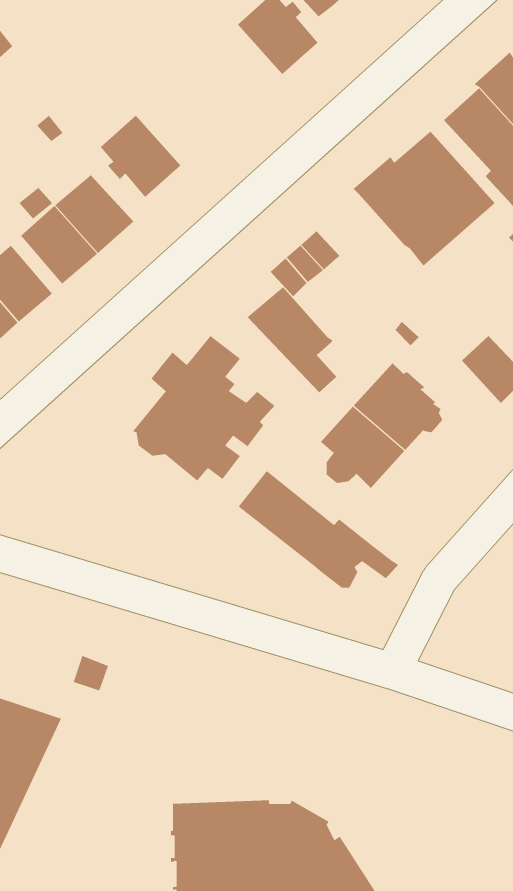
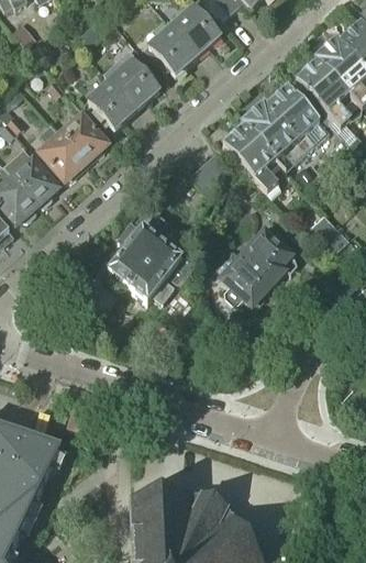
building: none -> [145,22,198,74]
building: none -> [103,46,159,108]
building: [247,286,337,393] -> [222,125,277,190]
building: [238,470,399,588] -> none

